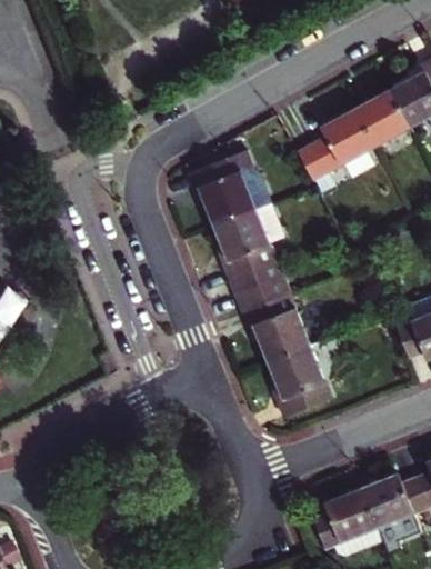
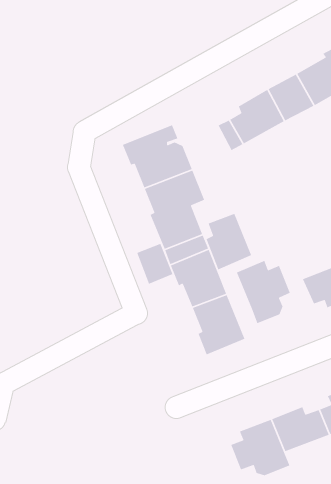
building: none -> [206,213,252,270]
building: none -> [136,243,173,285]
building: none -> [236,260,291,324]

